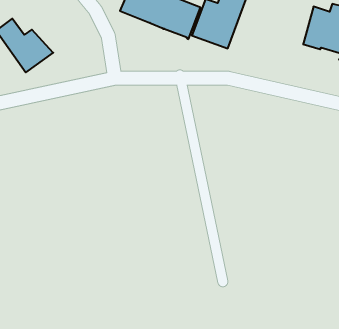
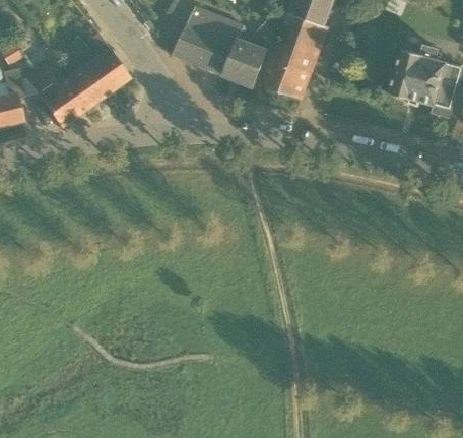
building: none -> [68,48,127,104]

